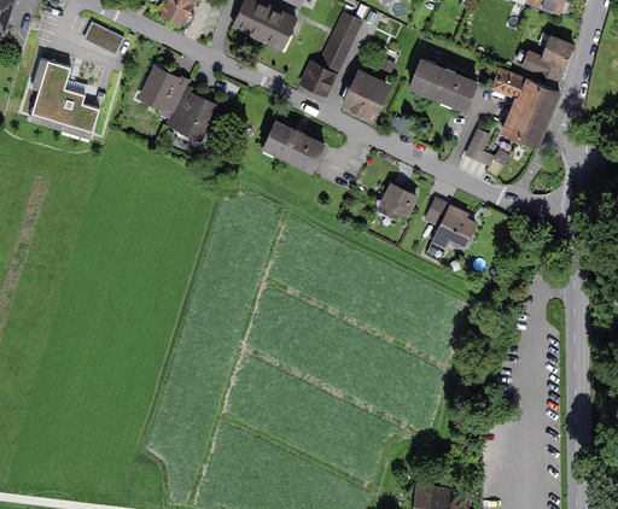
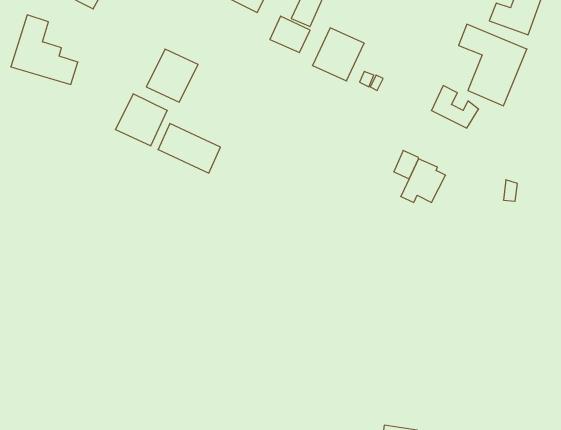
building: [404,59,479,116] -> none
building: [136,65,190,118] -> [115,94,167,146]
building: [263,121,327,171] -> [158,124,220,173]
building: [378,182,418,220] -> none

